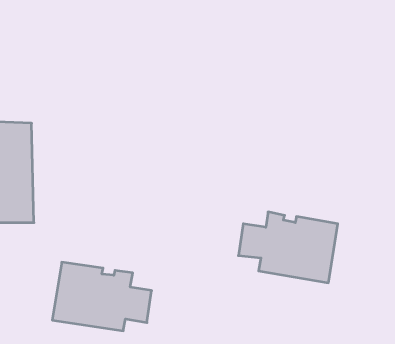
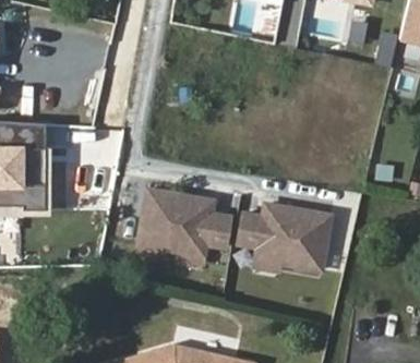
building: [52,262,152,331] -> [137,191,229,254]

